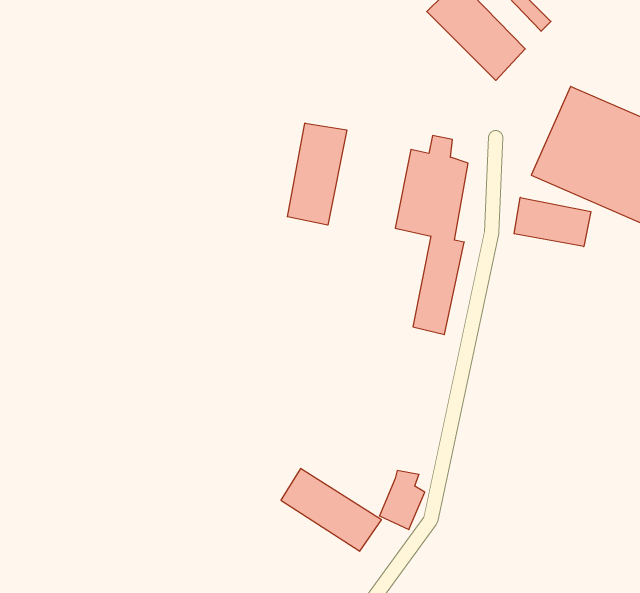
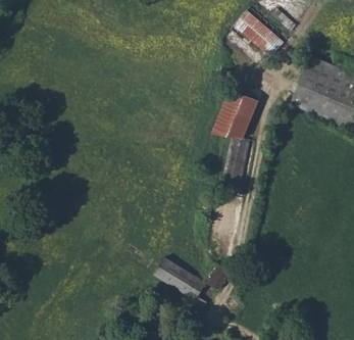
building: [287,123,347,225] -> none
building: [514,197,591,247] -> none

